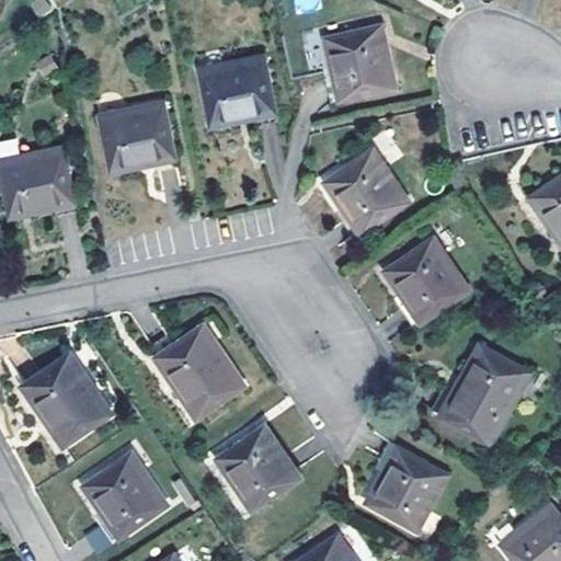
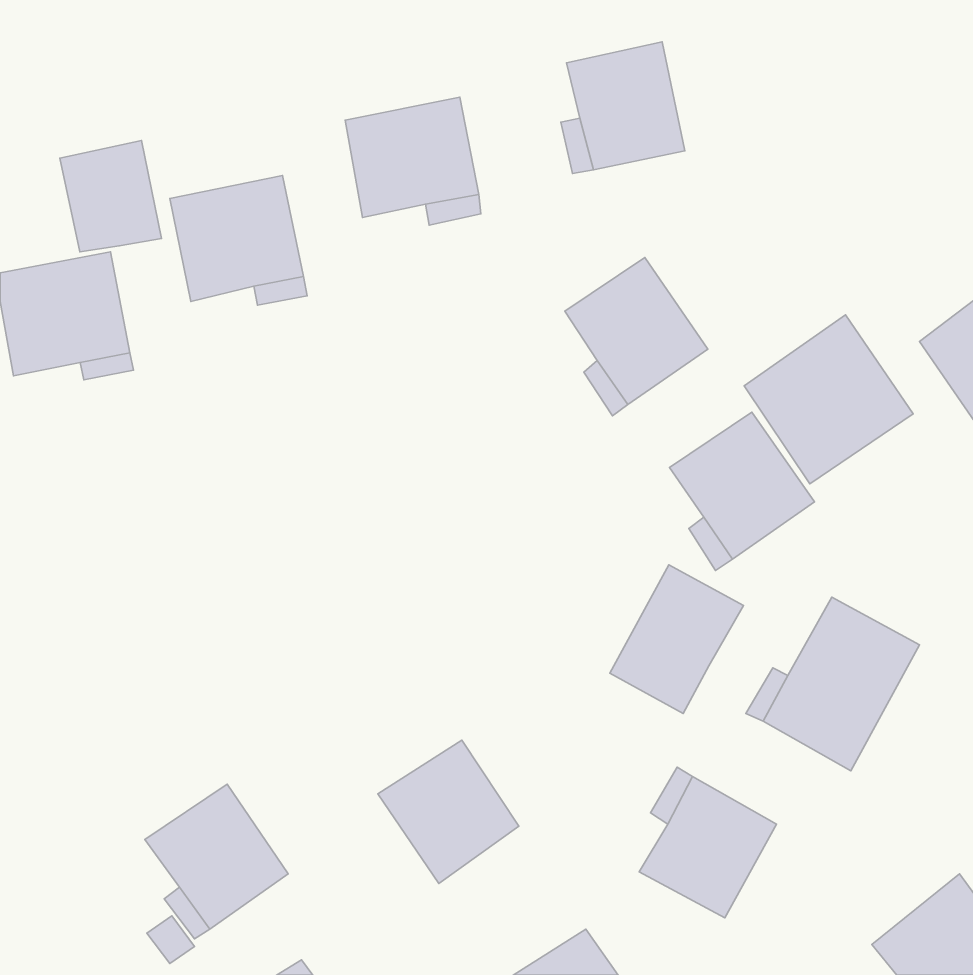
building: none -> [60,140,161,252]
building: none -> [744,315,913,484]
building: [156,323,243,414] -> none
building: none -> [610,565,744,714]
building: [23,350,111,442] -> none

